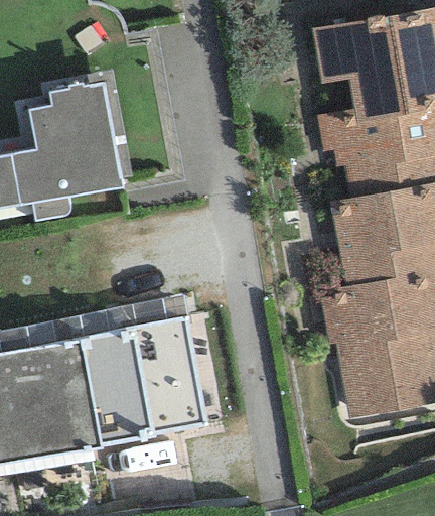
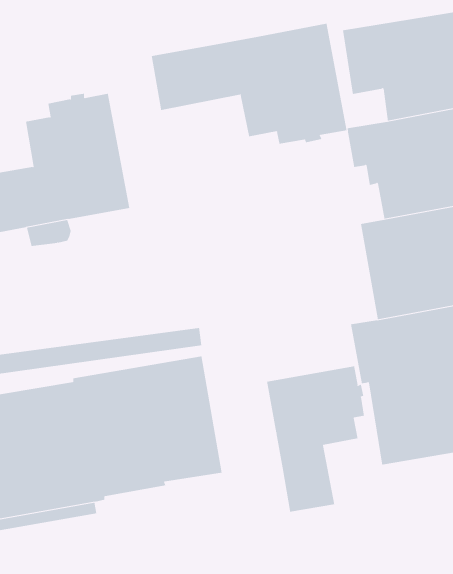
building: none -> [151,23,347,145]
building: none -> [266,365,365,512]

